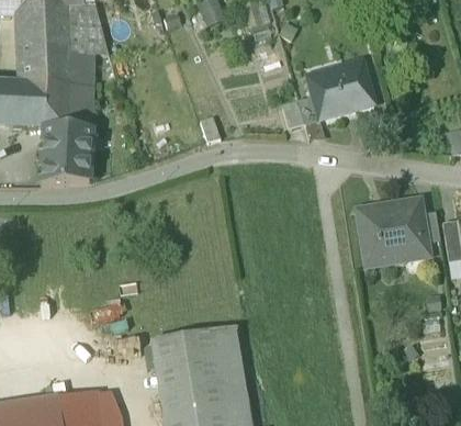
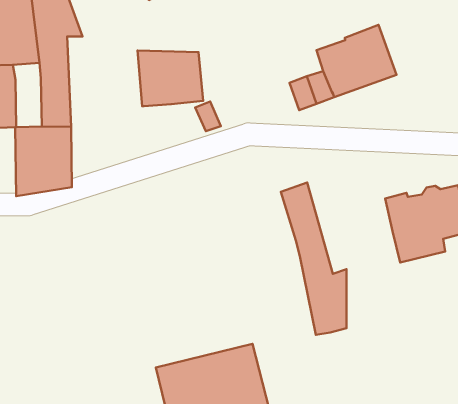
building: none -> [138,50,203,106]
building: [45,71,69,126] -> none
building: none -> [281,183,346,335]

